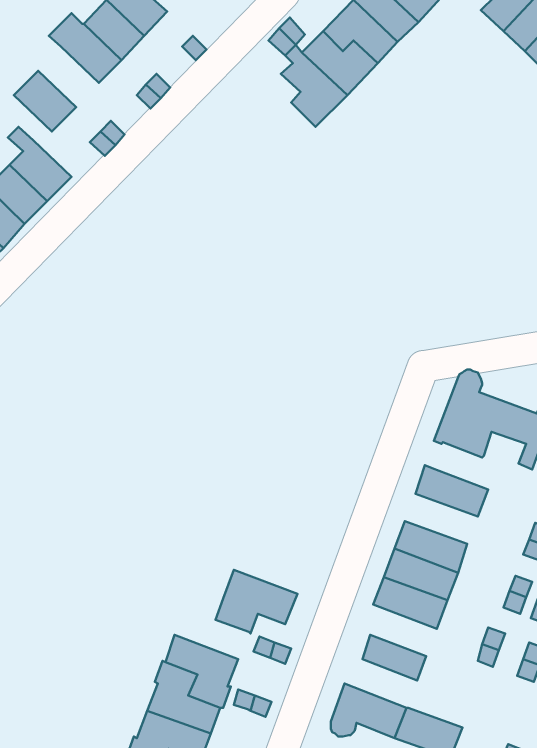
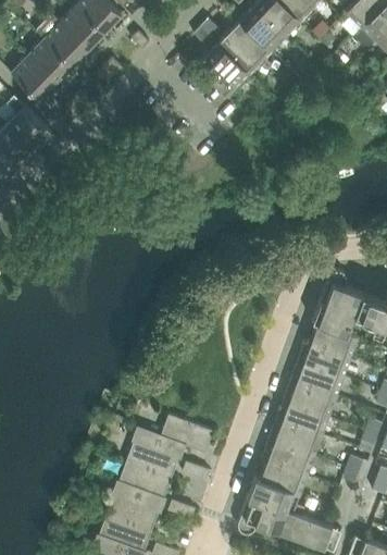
building: none -> [28,39,72,83]
building: none -> [311,323,359,357]
building: none -> [291,360,344,396]
building: none -> [126,427,179,479]
building: none -> [262,440,314,477]
building: none -> [248,477,300,514]

